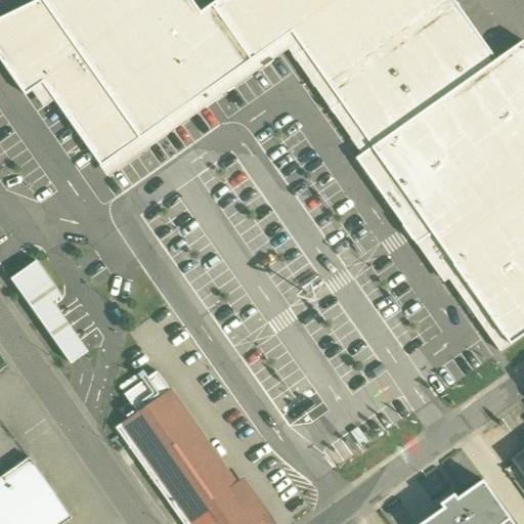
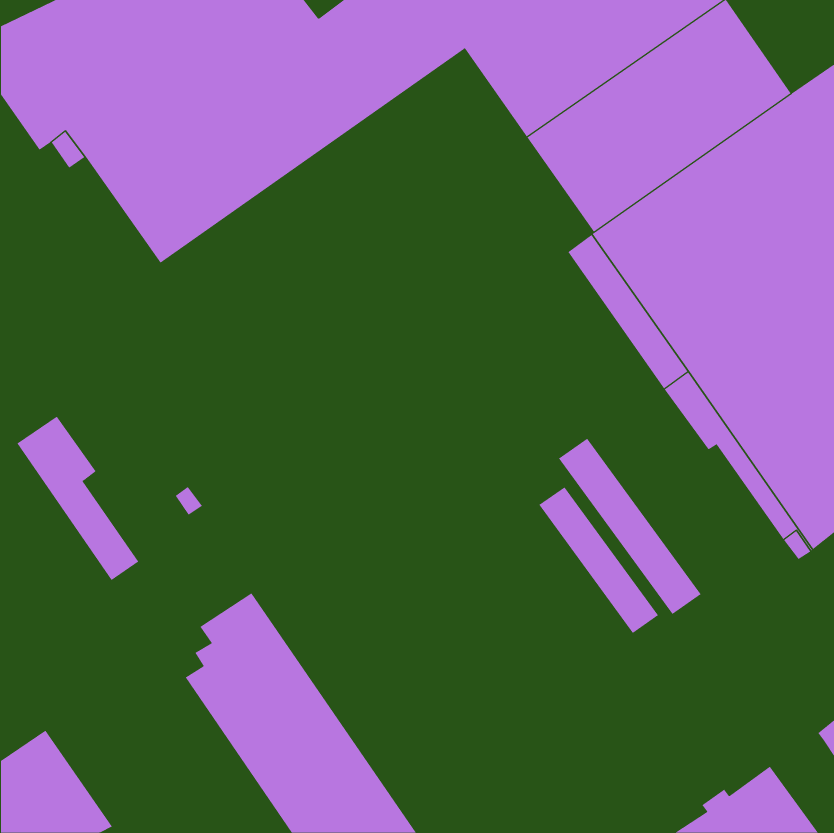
building: none -> [558,438,701,615]
building: none -> [539,486,659,634]

